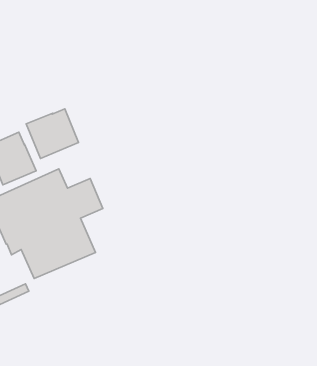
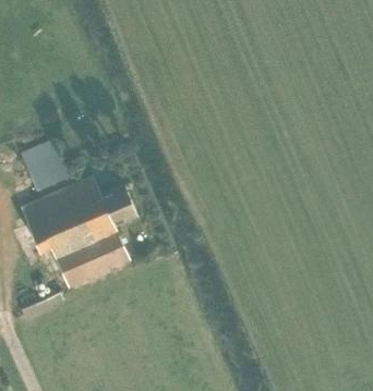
building: [26,109,78,158] -> none

